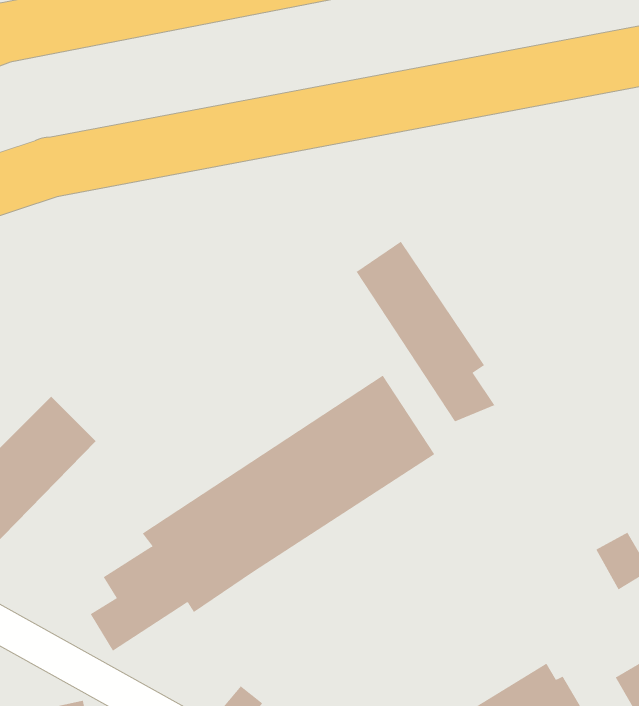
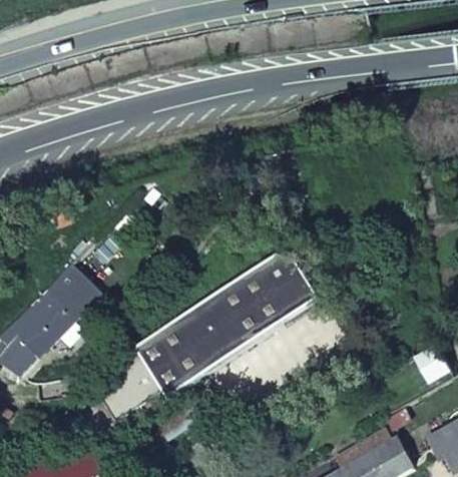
building: [356,241,495,422] -> none

